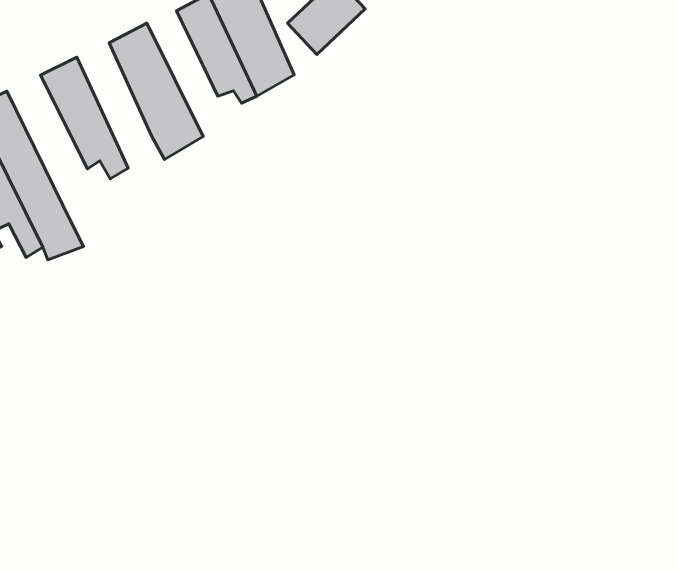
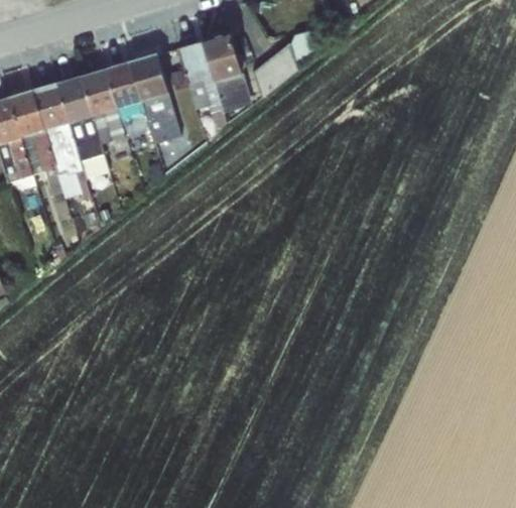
building: none -> [107,61,148,136]
building: none -> [56,76,110,178]

